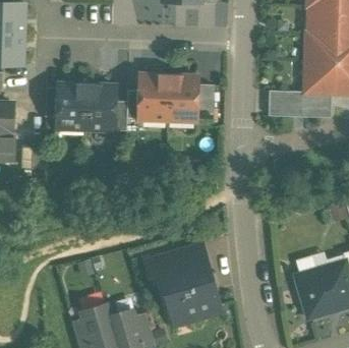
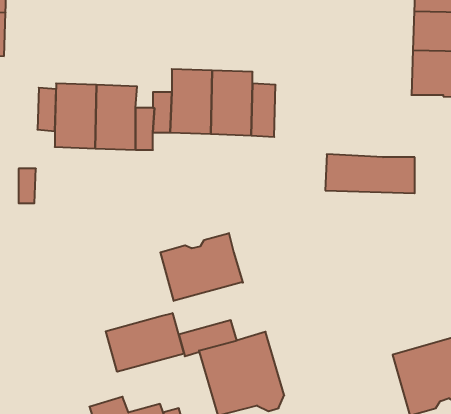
building: [268,91,331,118] -> [325,154,415,193]
building: none -> [160,233,243,301]
building: none -> [106,313,184,372]

